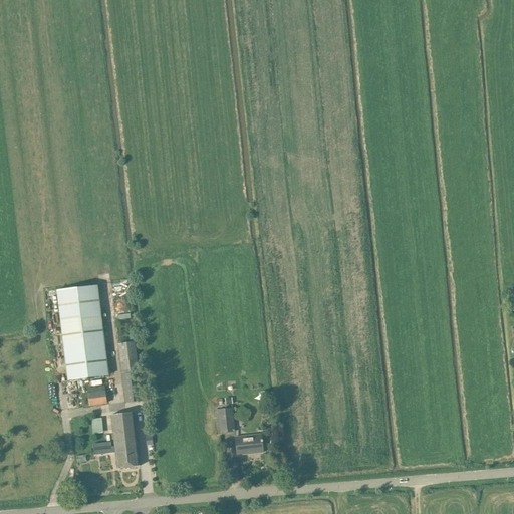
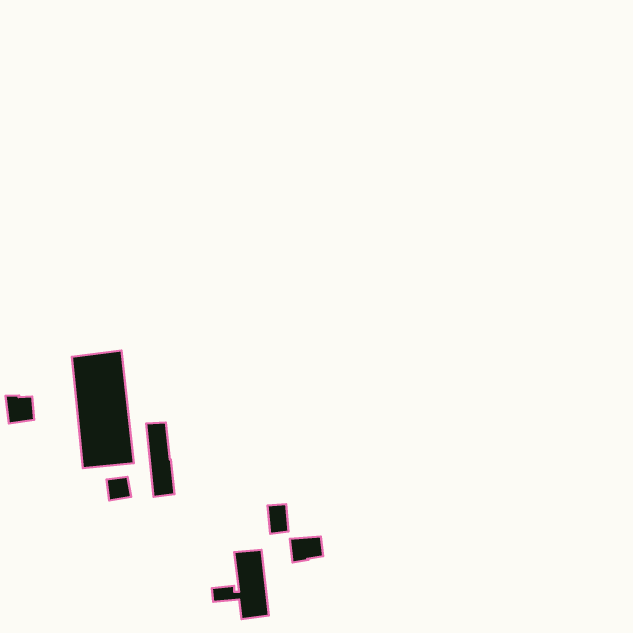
building: none -> [6,395,34,423]
building: [92,413,139,469] -> [212,550,269,619]

